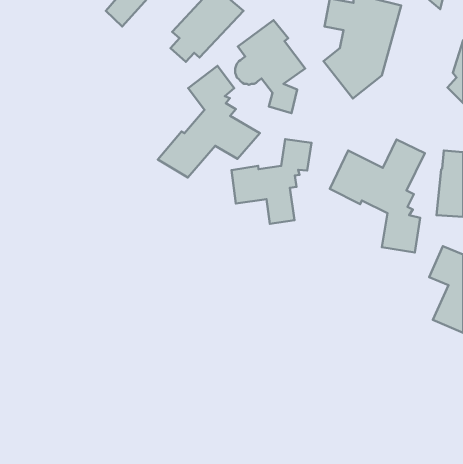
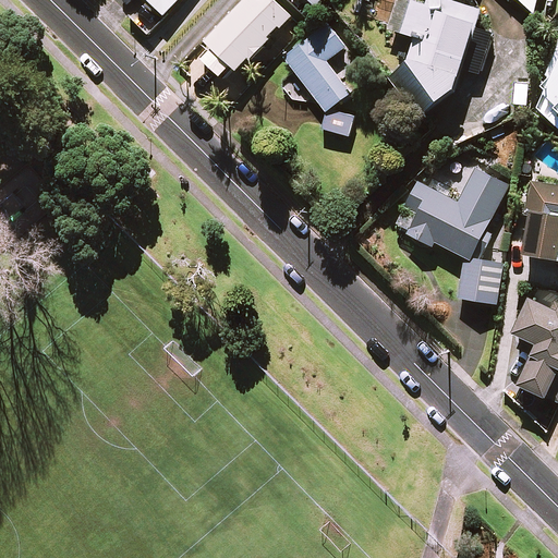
building: [158,66,260,178] -> none
building: [232,139,311,224] -> none

